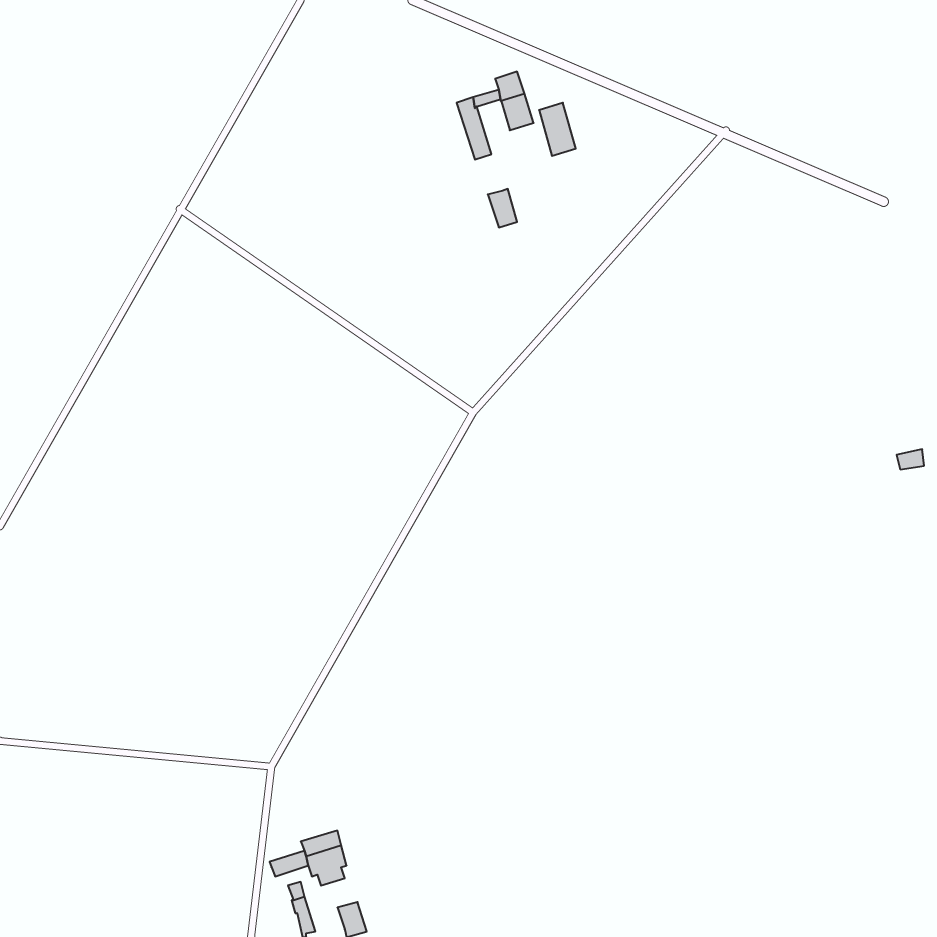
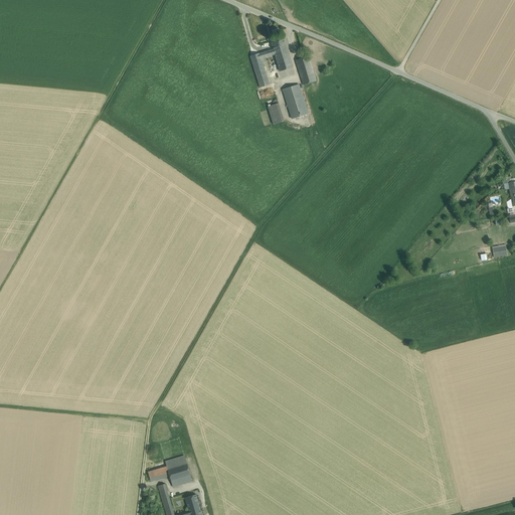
building: none -> [283,84,308,119]

